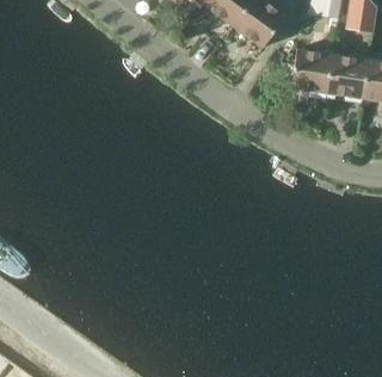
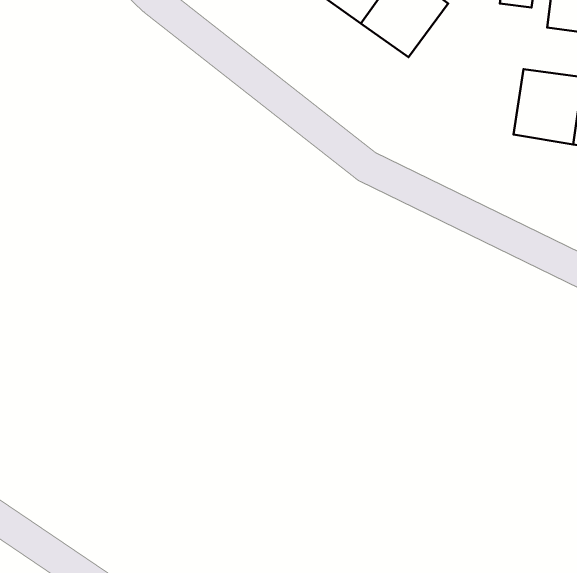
building: [290,49,332,93] -> none

